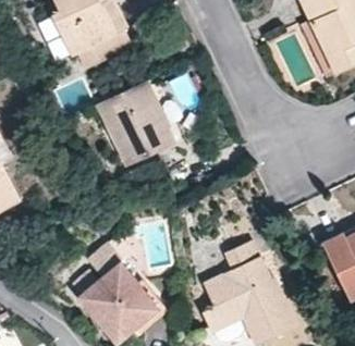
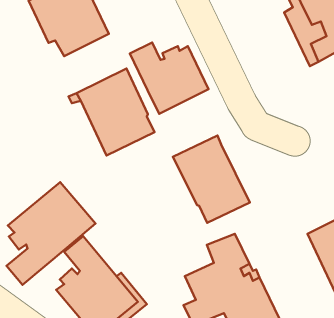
building: none -> [130,43,209,114]
building: none -> [173,136,250,223]
building: none -> [7,182,95,285]

